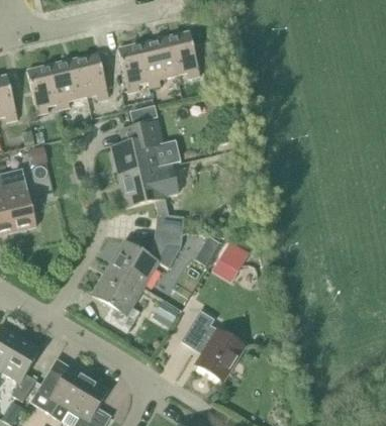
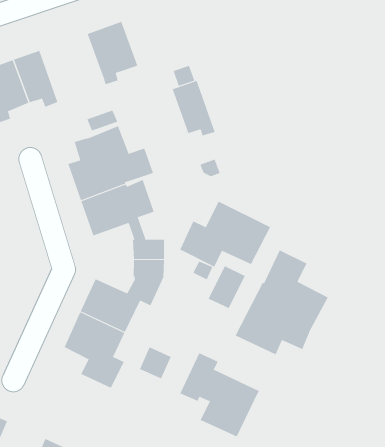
building: [168,30,199,76] -> [172,80,215,136]
building: [117,42,148,91] -> none
building: none -> [179,201,271,268]
building: none -> [235,250,328,355]

